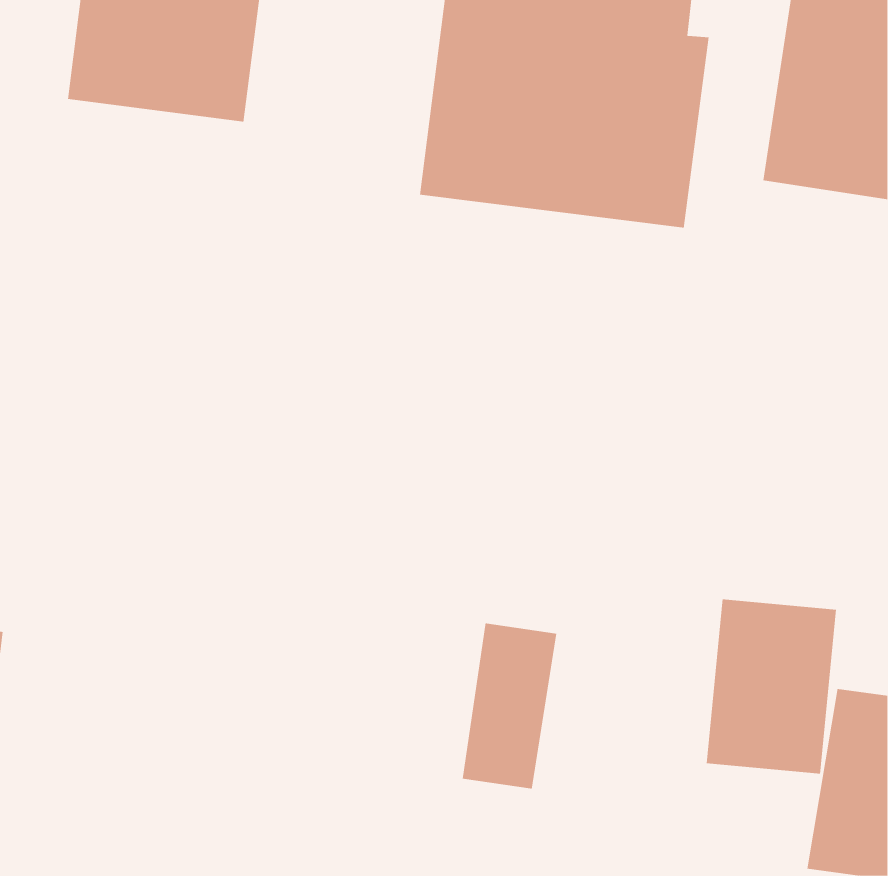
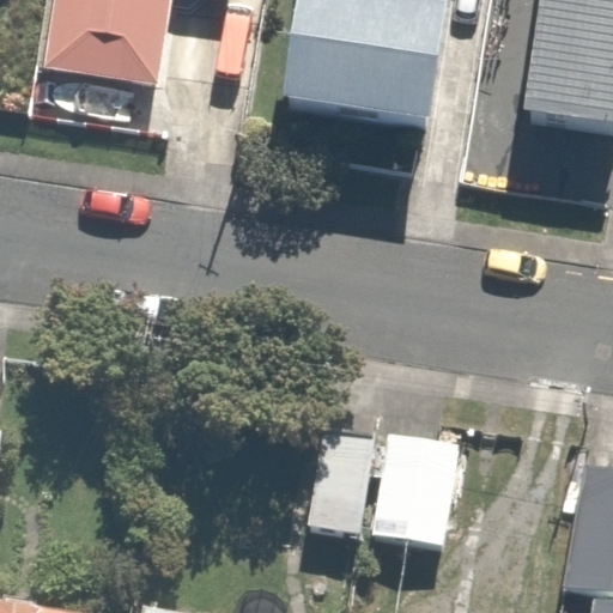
building: [706,599,837,774] -> [377,430,466,548]

